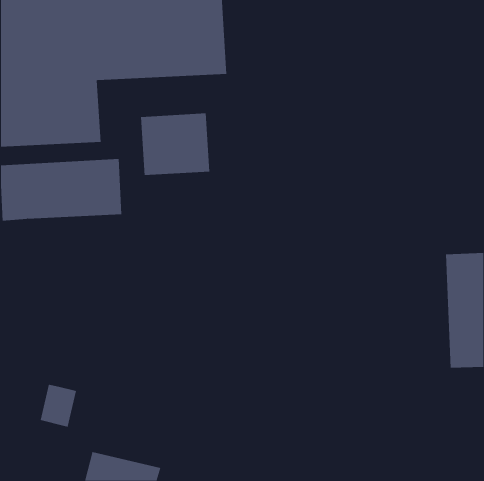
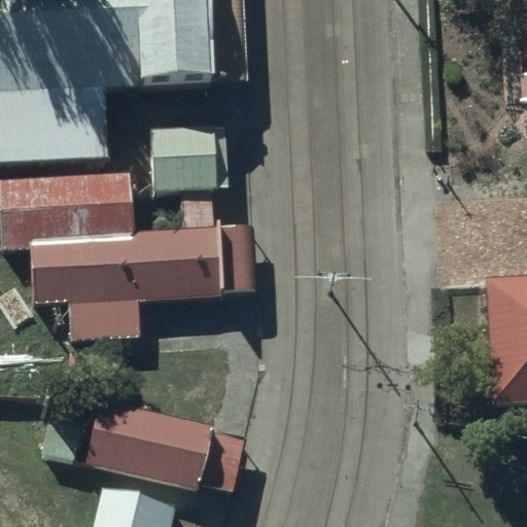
building: none -> [30,223,257,359]
building: none -> [83,412,240,508]

